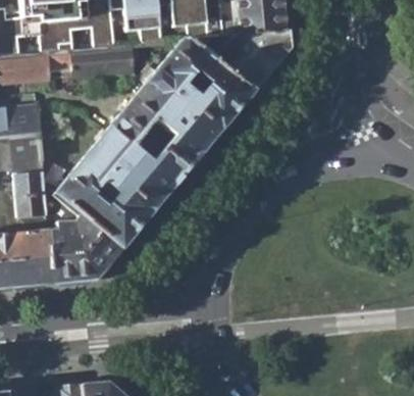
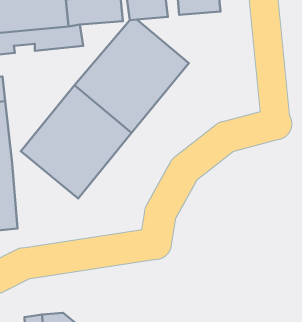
building: [190,31,288,91] -> none
building: [45,193,121,283] -> none

